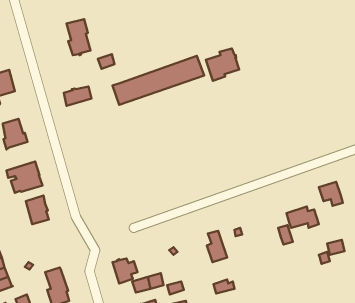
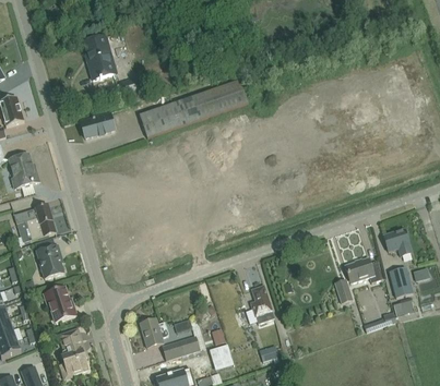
building: [206,49,239,81] -> none
building: none -> [389,265,412,295]
building: none -> [45,286,75,321]

